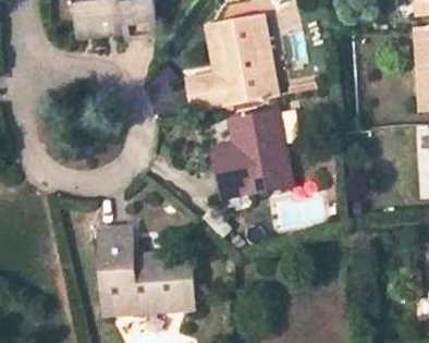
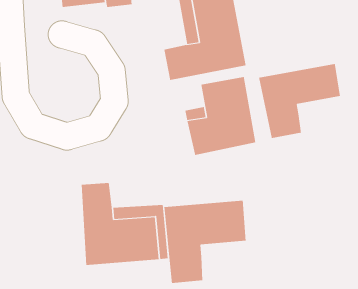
building: none -> [259,63,341,139]
building: none -> [164,200,246,284]

